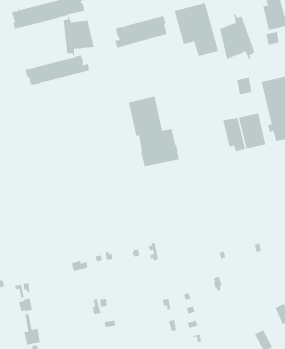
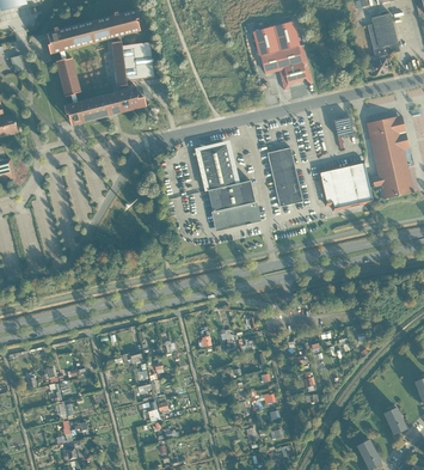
building: [219,13,255,60] -> none
building: [115,15,167,48] -> none
building: none -> [56,51,81,104]
building: none -> [269,148,305,207]

